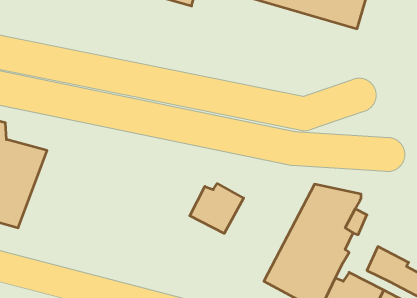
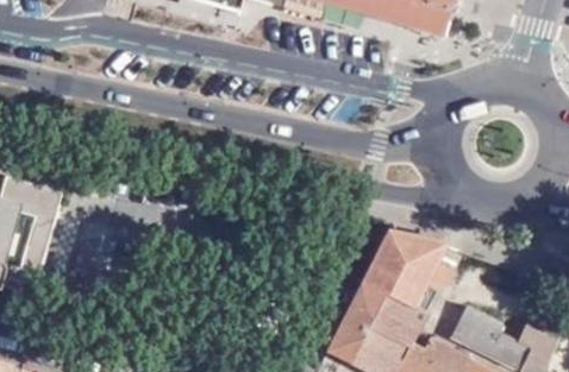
building: [190,184,244,233] -> none

